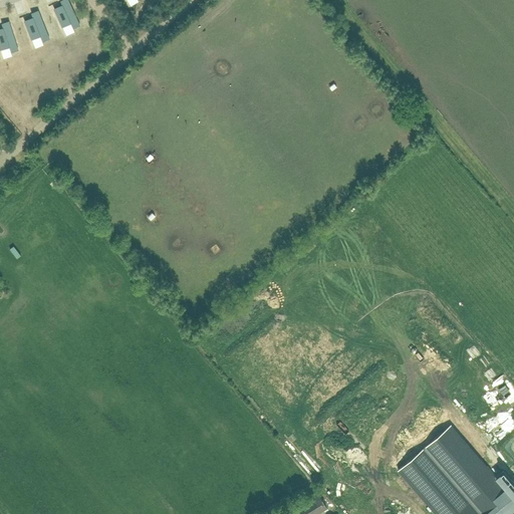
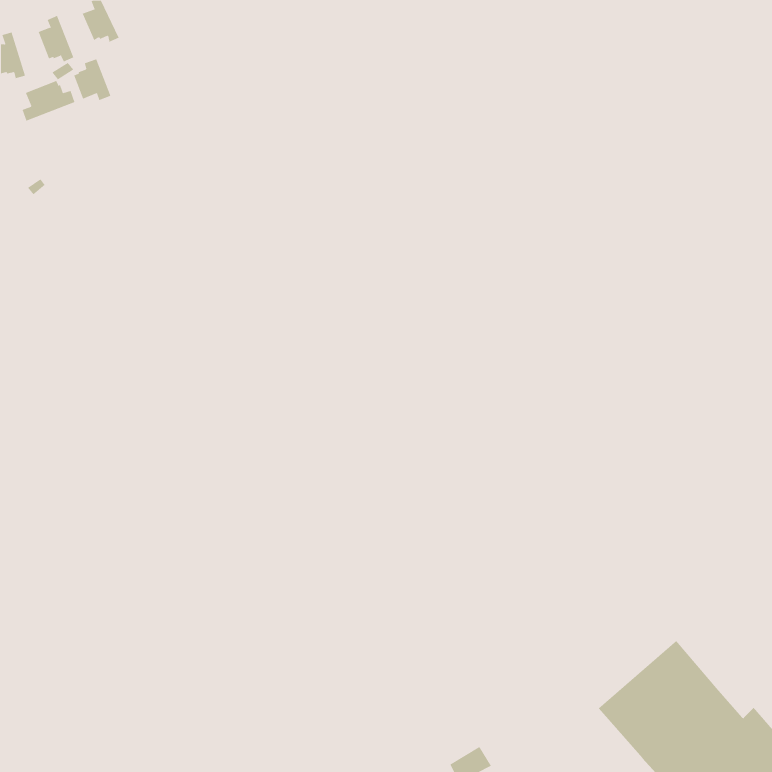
building: none -> [73,58,111,101]
building: none -> [22,80,75,122]

